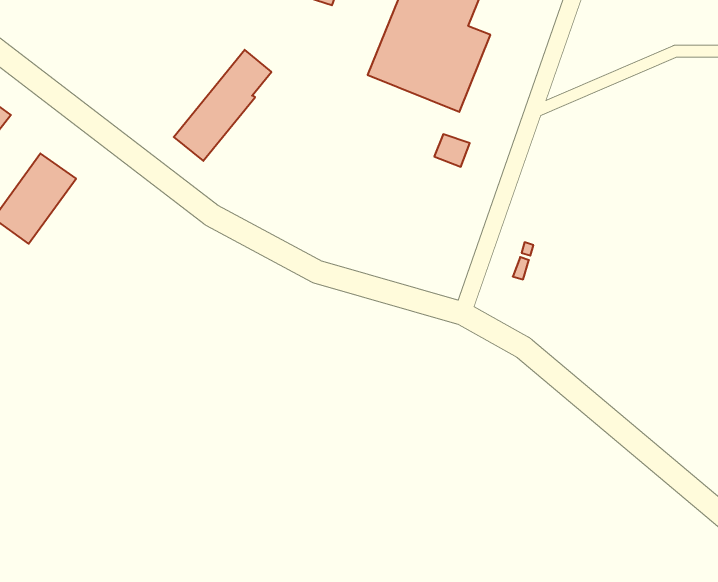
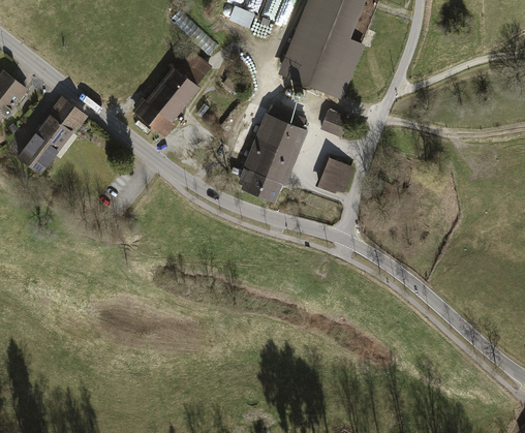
building: none -> [241,104,305,198]
building: none -> [49,105,88,143]
building: none -> [319,157,354,192]

